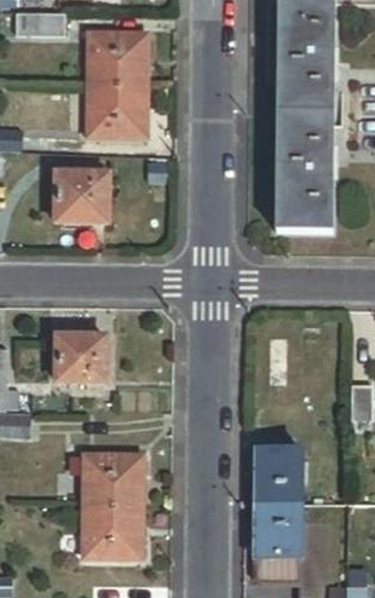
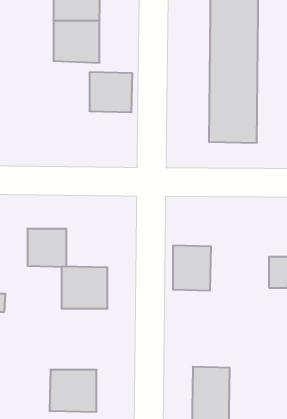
building: [54,172,106,220] -> [89,72,132,112]
building: [256,449,302,504] -> [173,246,211,291]
building: [85,455,140,506] -> [62,267,108,309]

